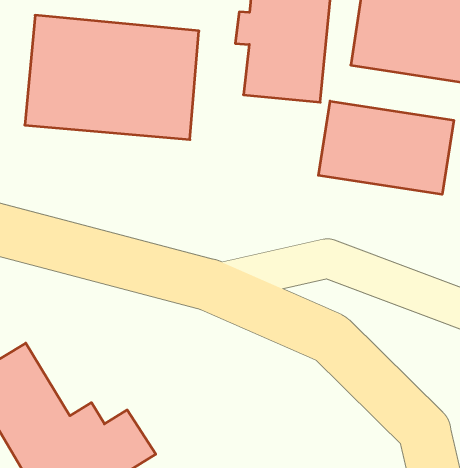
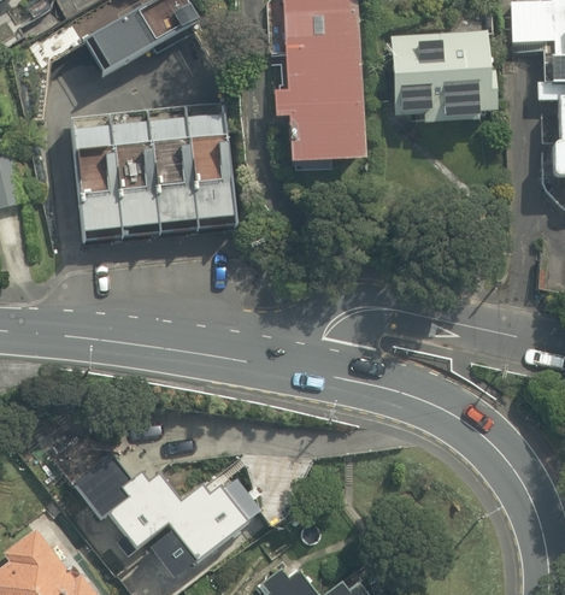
building: [318,101,454,194] -> none

